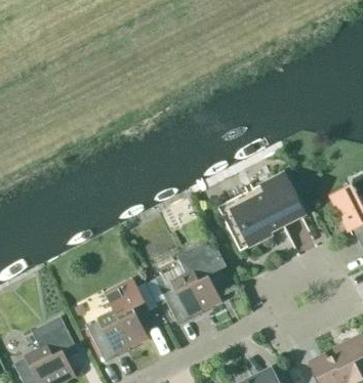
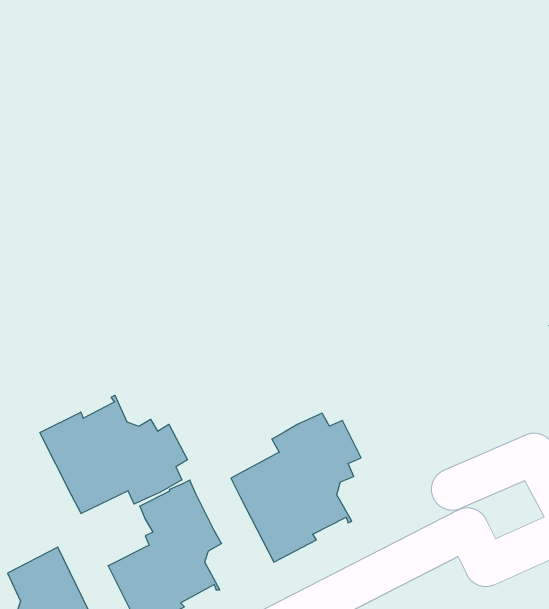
building: [234,174,302,245] -> none
building: none -> [40,395,187,514]

